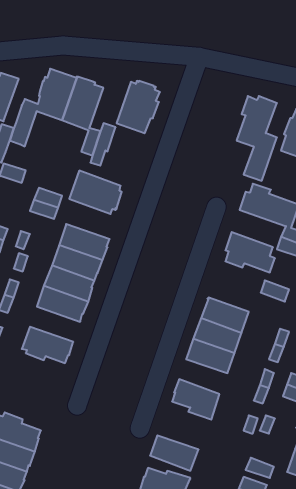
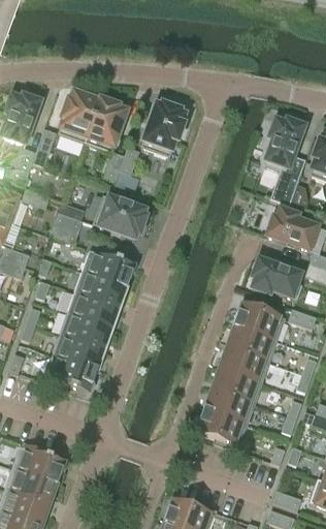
building: none -> [235,303,285,339]
building: none -> [53,334,104,370]
building: [150,435,199,471] -> [205,387,255,424]

